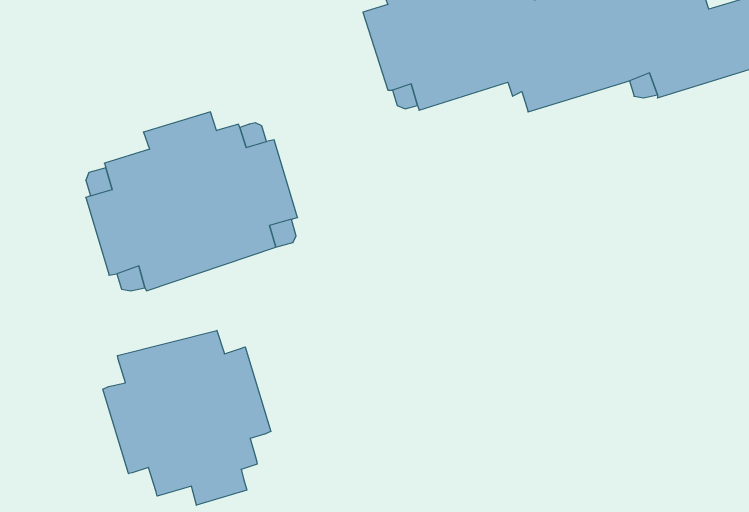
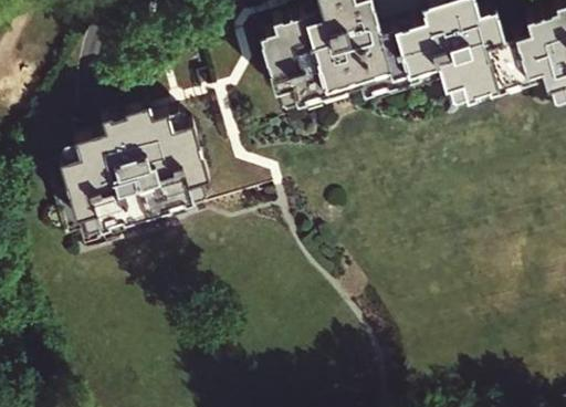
building: [103,330,271,505] -> none

